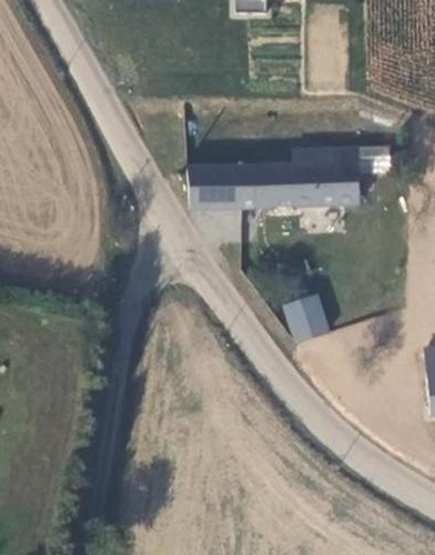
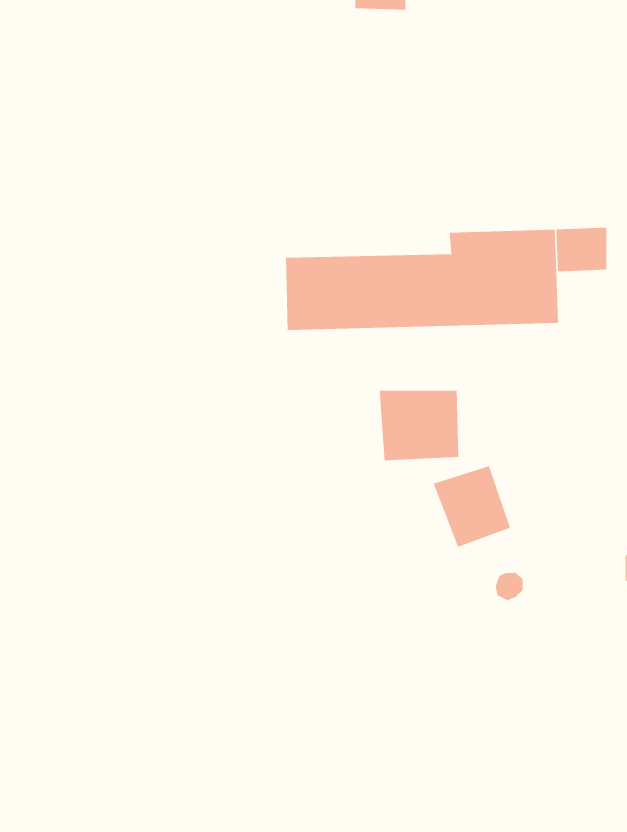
building: none -> [379,390,459,461]

